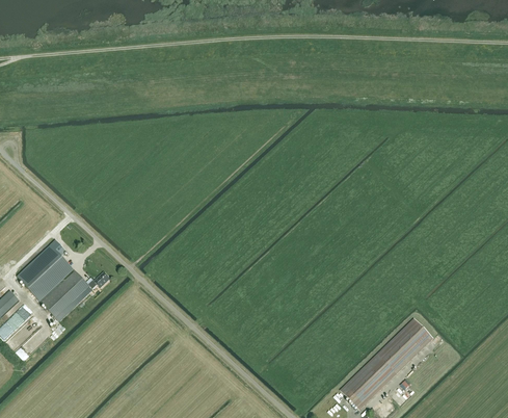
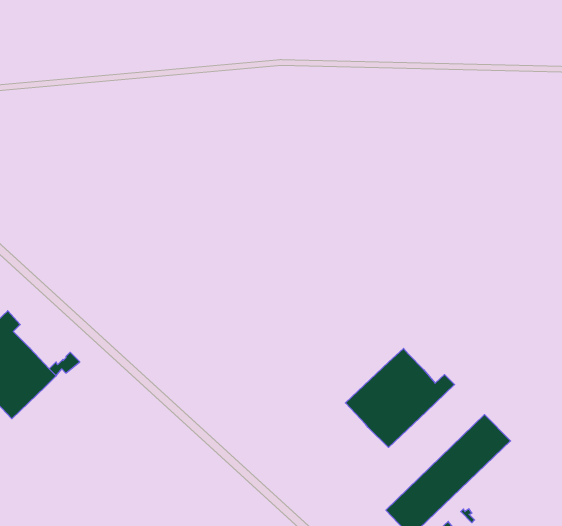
building: none -> [345,348,455,447]

